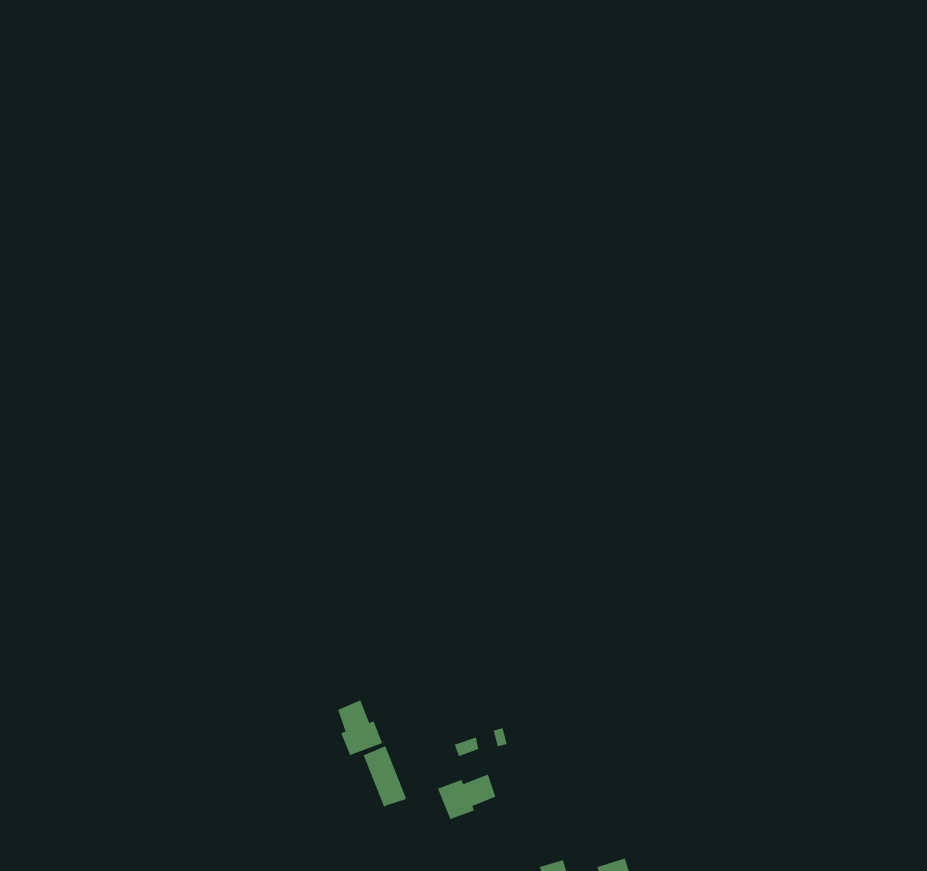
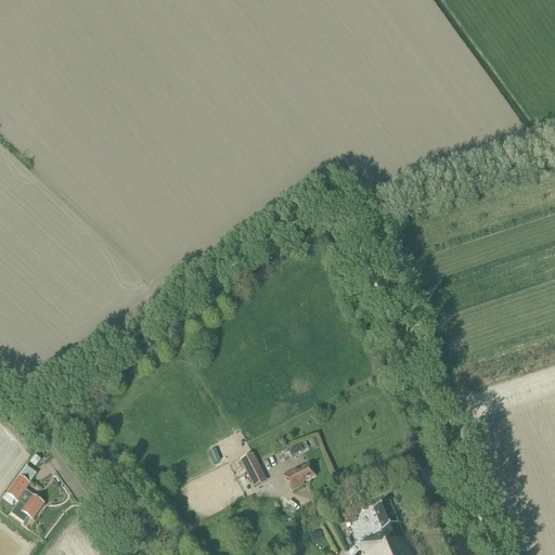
building: [337,699,383,756] -> none

